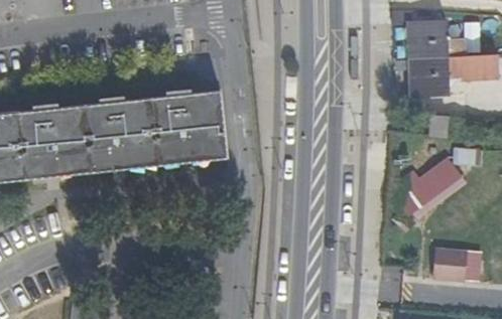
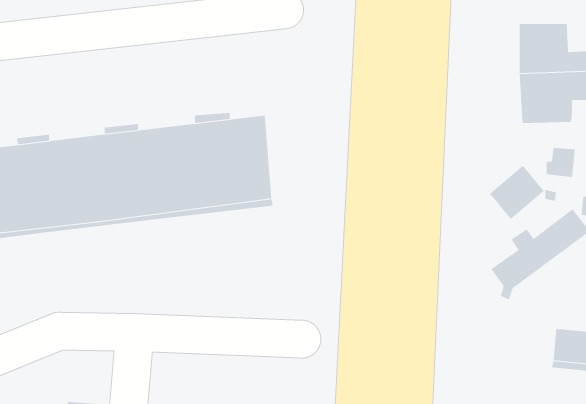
building: none -> [489,165,545,220]

